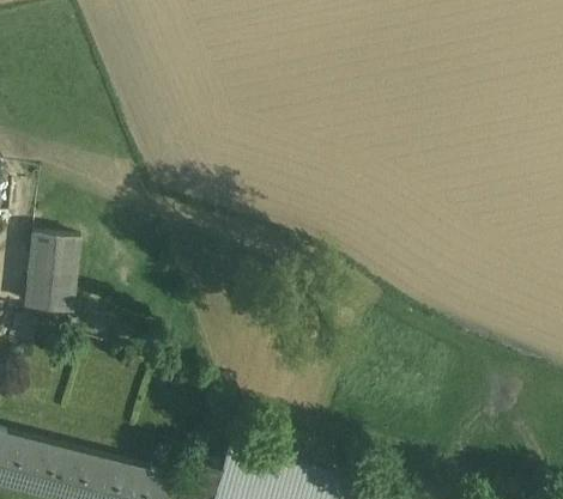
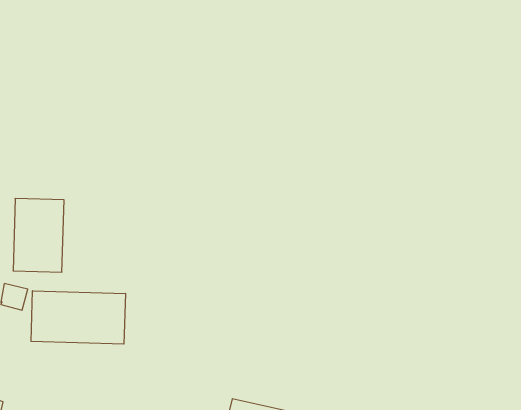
building: none -> [31,291,125,344]

